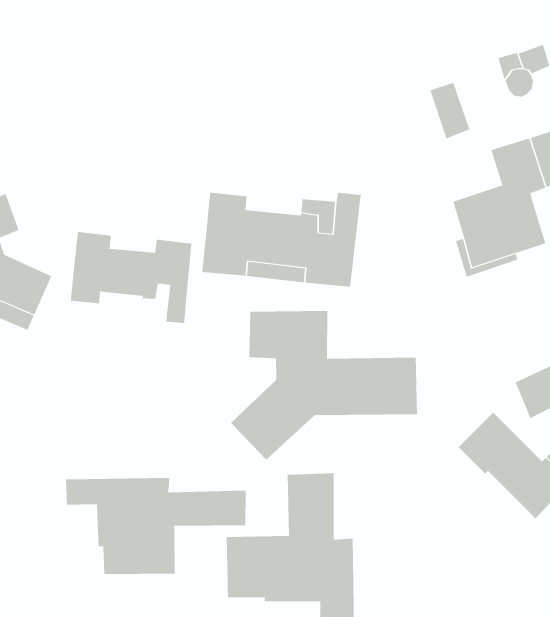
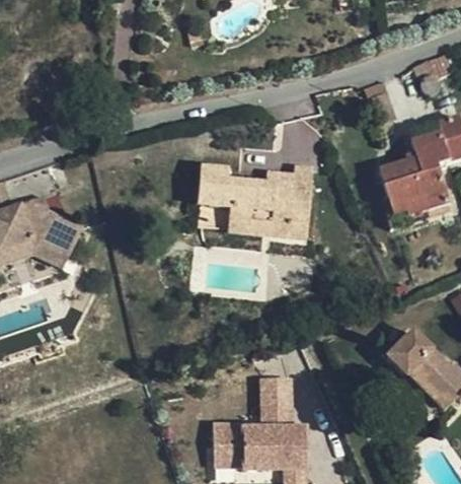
building: [70,231,192,324] -> none
building: [230,310,418,460] -> none
building: [65,477,246,575] -> none

